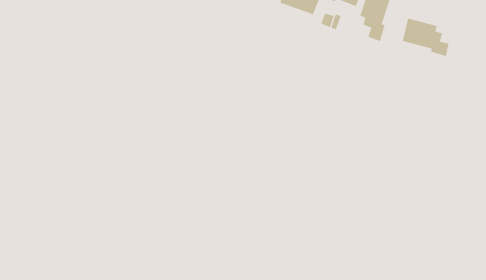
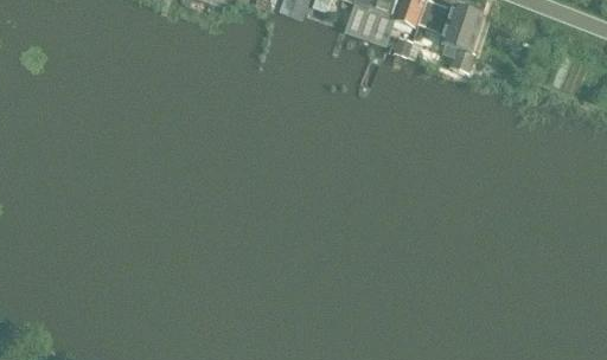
building: [402,18,449,57] -> none

